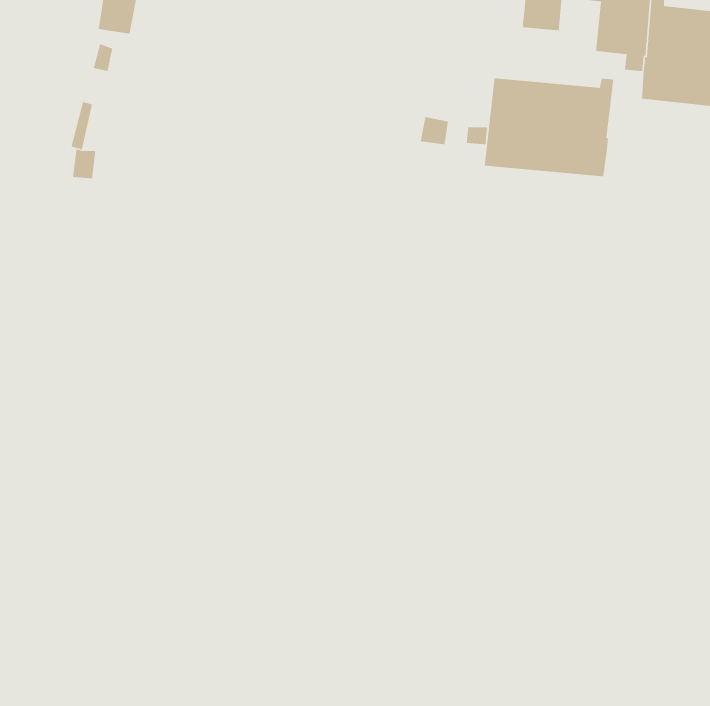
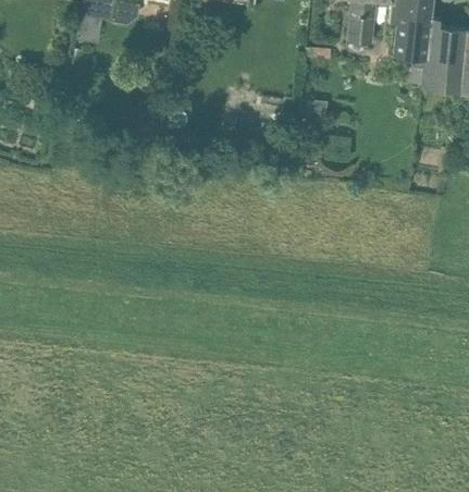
building: [484,77,614,177] -> none

